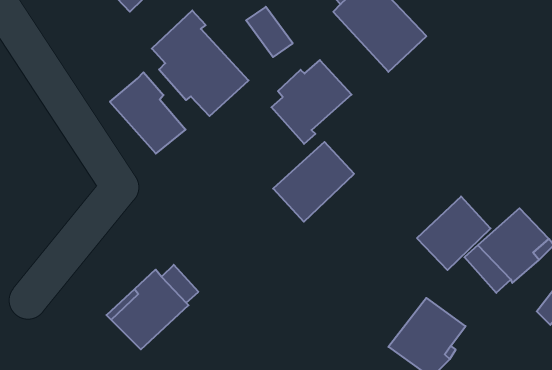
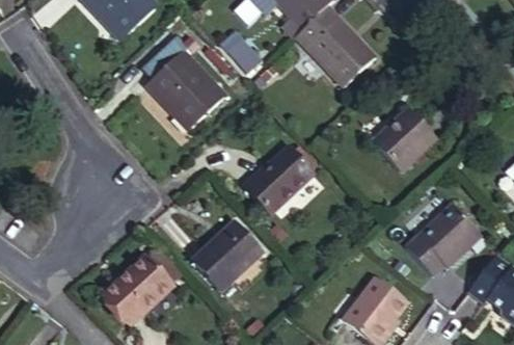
building: [271,60,352,144] -> none
building: [110,72,186,154] -> none
building: [417,196,491,270] -> [371,107,433,169]
building: none -> [191,220,263,292]

